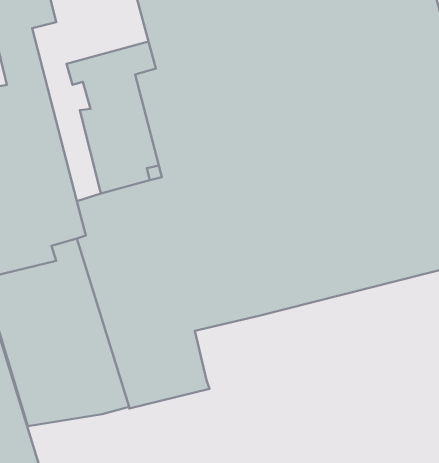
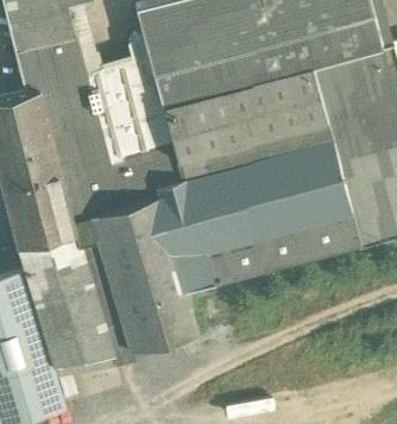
building: none -> [55,40,109,183]

